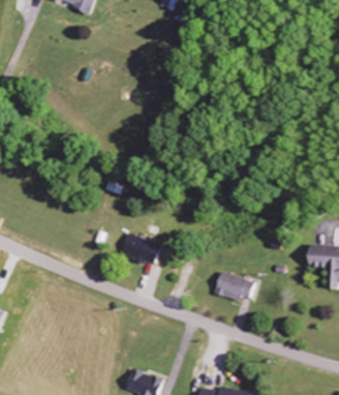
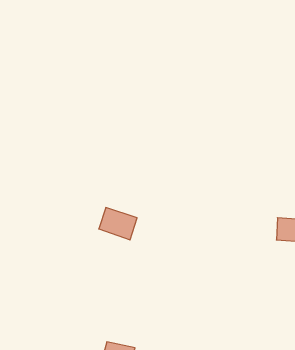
building: [213,271,255,302] -> none

